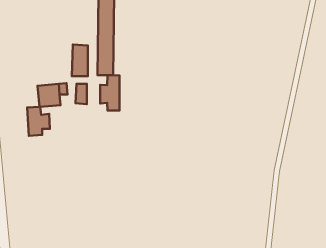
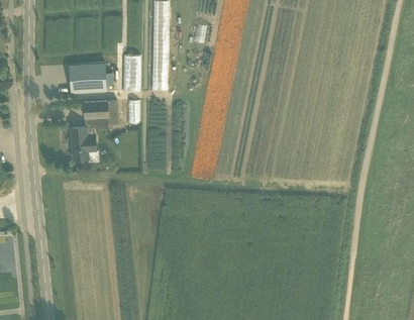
building: none -> [70,64,106,92]
building: [100,75,119,111] -> none

